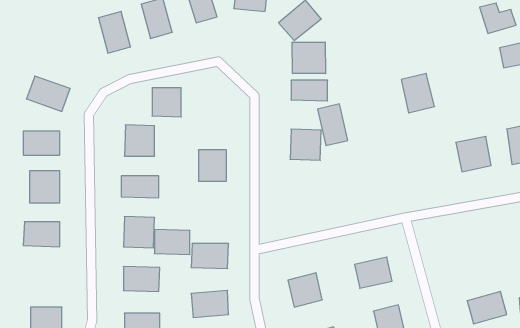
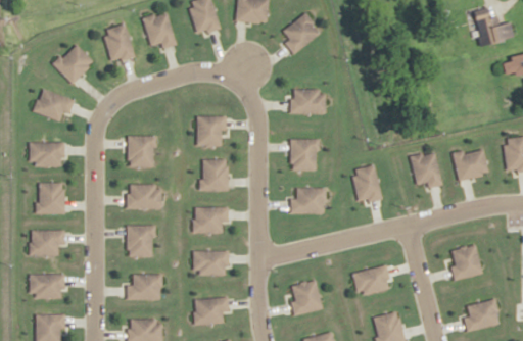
building: none -> [51,42,93,85]
building: [292,42,326,74] -> none
building: [401,73,435,113] -> [411,151,443,190]
building: [152,88,181,117] -> [198,117,227,146]
building: [318,104,348,146] -> [351,165,381,206]
building: none -> [291,189,324,212]
building: [154,230,190,255] -> [194,208,229,233]
building: none -> [445,244,482,281]
building: none -> [30,275,64,298]

